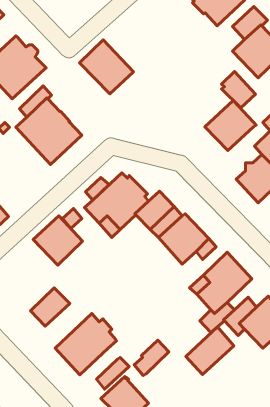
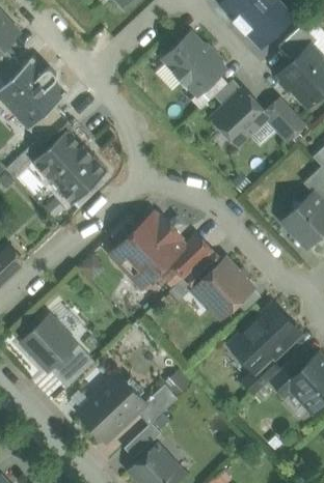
building: [80,40,133,94] -> [164,33,225,94]
building: [205,100,256,151] -> [212,88,270,145]
building: [33,216,83,265] -> [21,315,77,371]
building: [186,327,234,374] -> none
building: [134,340,169,376] -> [138,385,178,425]

